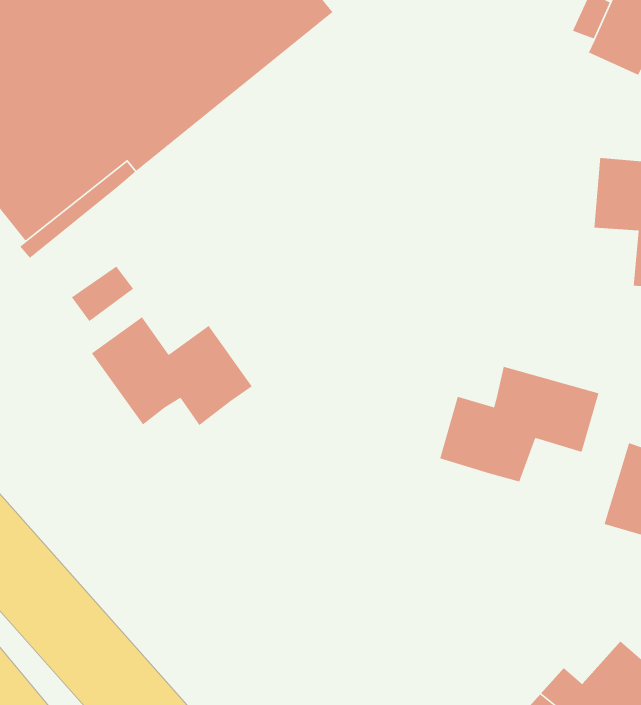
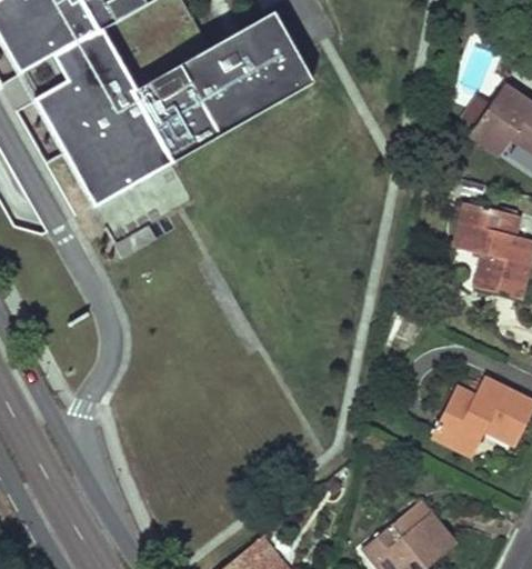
building: [91,316,253,426] -> none
building: [439,366,599,482] -> none

